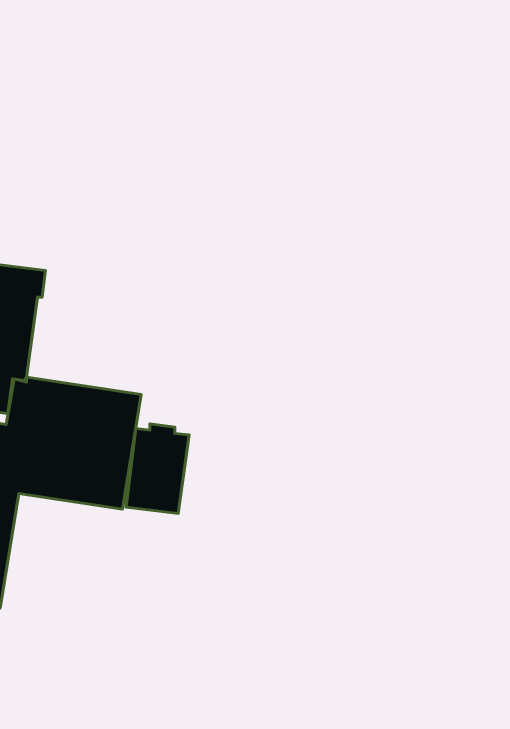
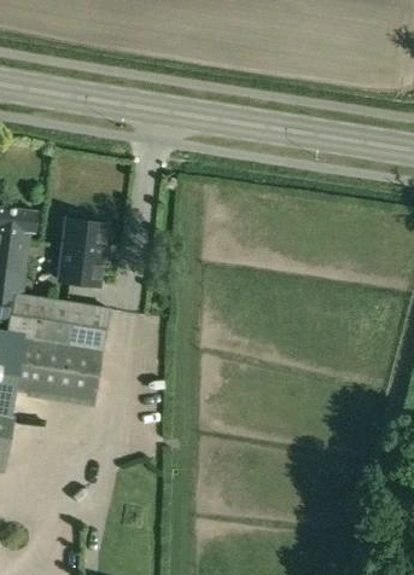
building: [126,424,189,513] -> [58,217,106,286]

